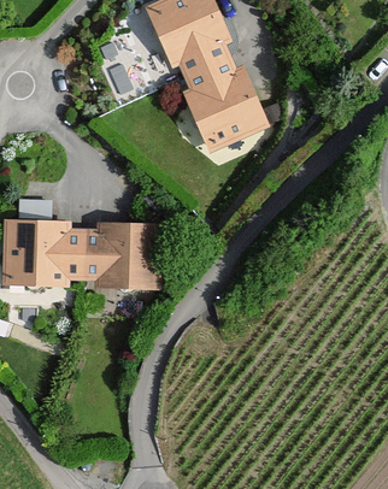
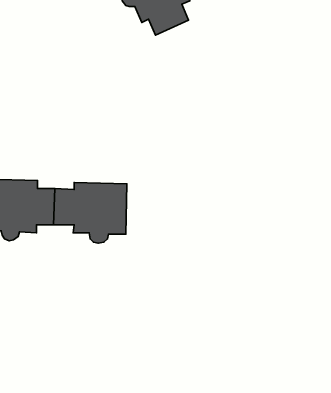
building: [187,57,259,143] -> none

